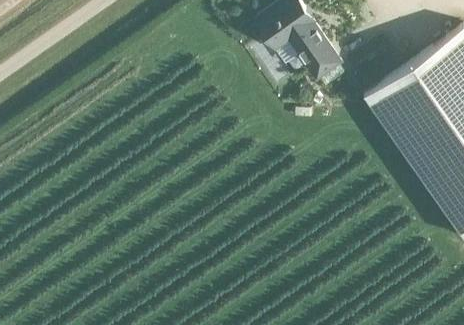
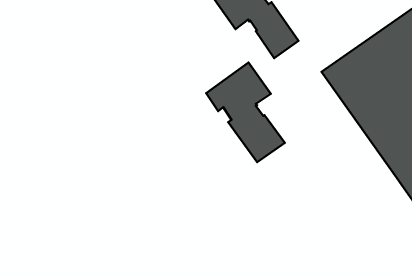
building: none -> [206,62,285,162]

